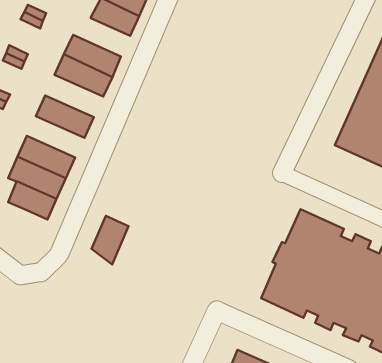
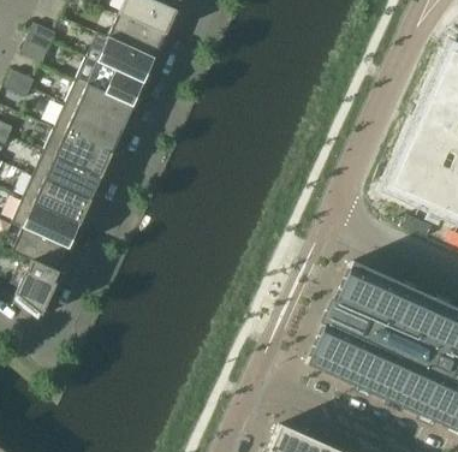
building: none -> [88,31,154,82]
building: none -> [55,103,123,153]
building: none -> [34,151,101,200]
building: [91,216,129,264] -> [14,260,58,316]

